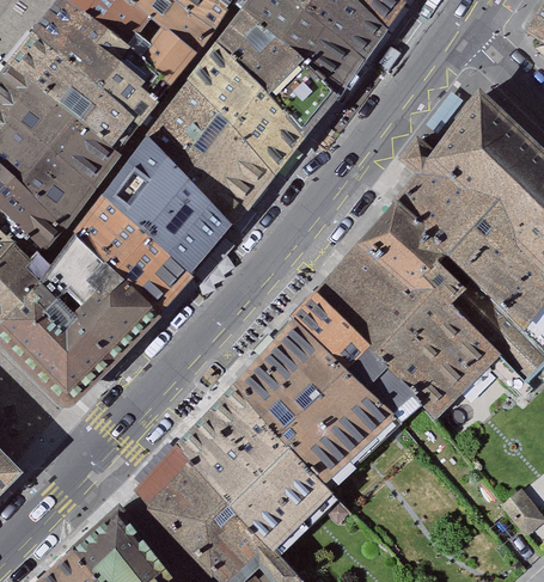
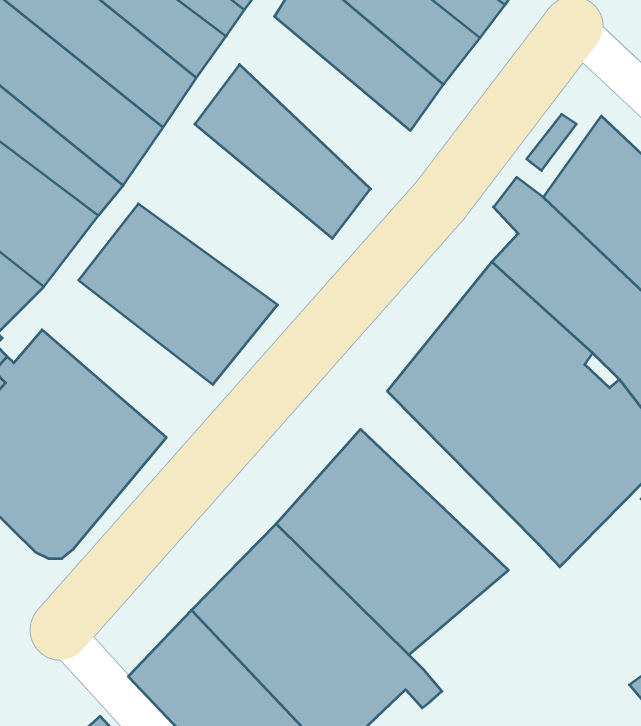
building: [214,14,337,139] -> none
building: [141,92,281,222] -> none
building: [72,204,195,318] -> none
building: [301,284,429,413] -> none

